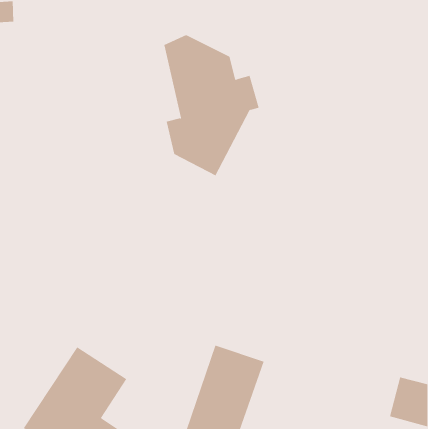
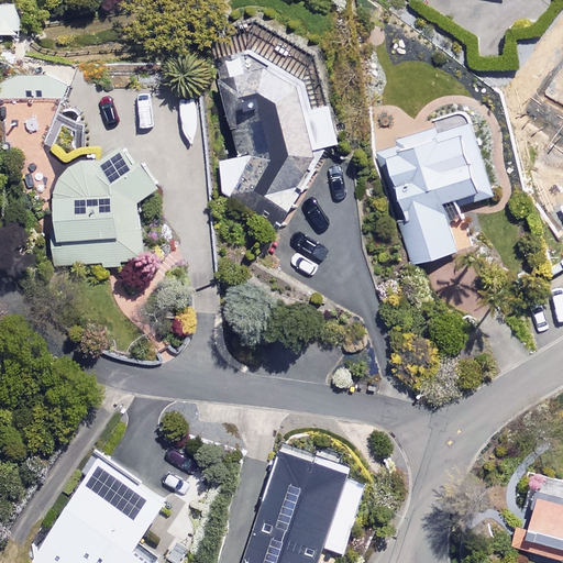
building: none -> [383,123,489,263]
building: none -> [53,154,159,264]

